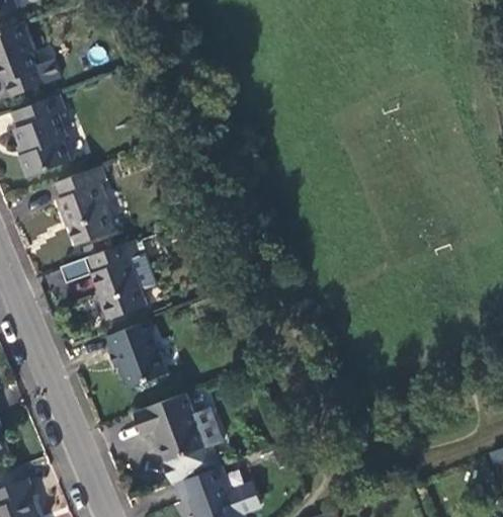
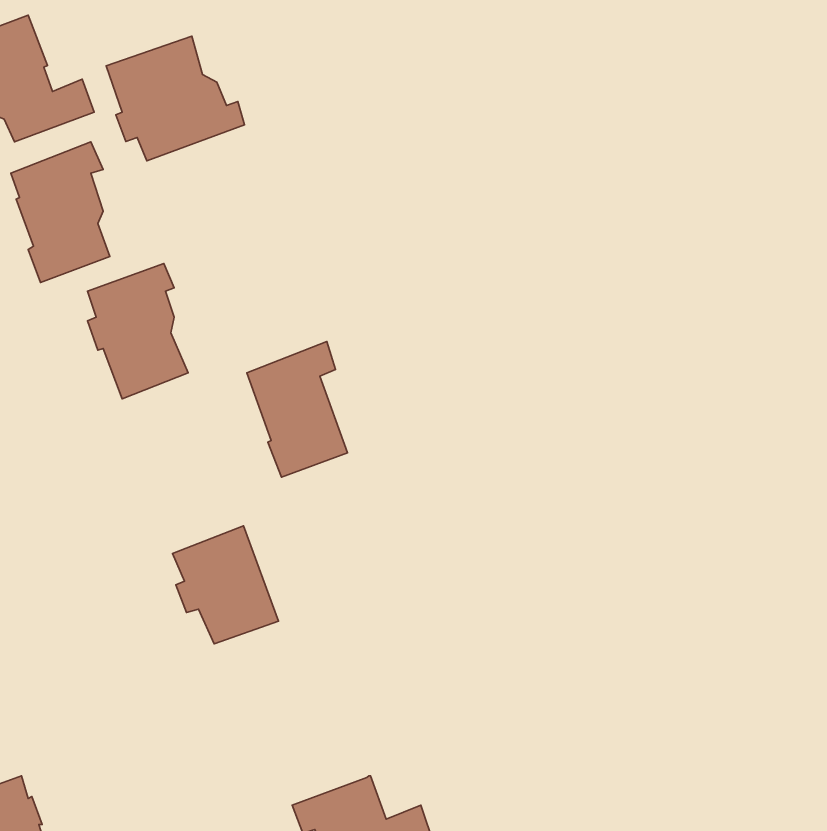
building: none -> [106,36,244,161]
building: [87,240,146,319] -> [247,342,348,477]
building: [133,393,222,485] -> none

